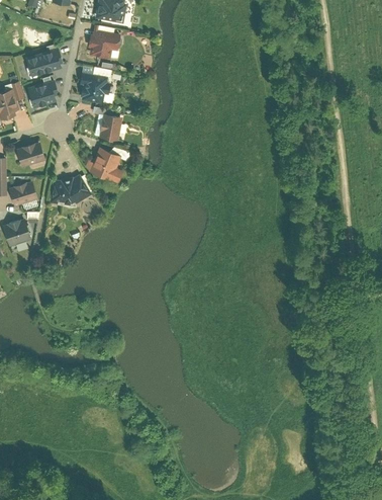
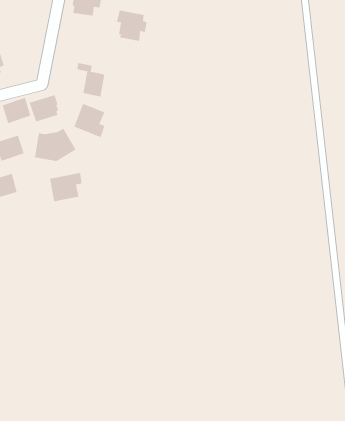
building: [26,49,63,77] -> none
building: [79,71,111,103] -> [116,10,148,42]
building: [27,80,59,108] -> [29,94,59,122]
building: none -> [50,172,82,202]

